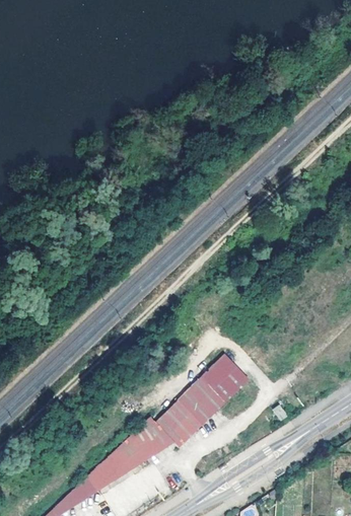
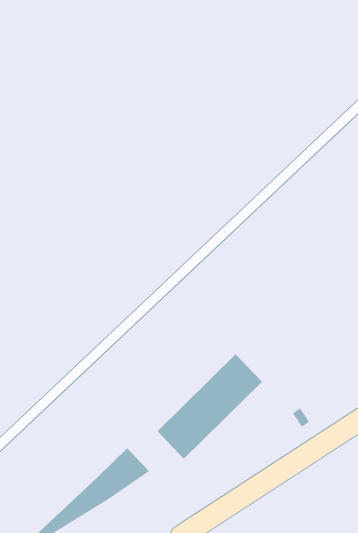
building: [130,417,173,456] -> none

